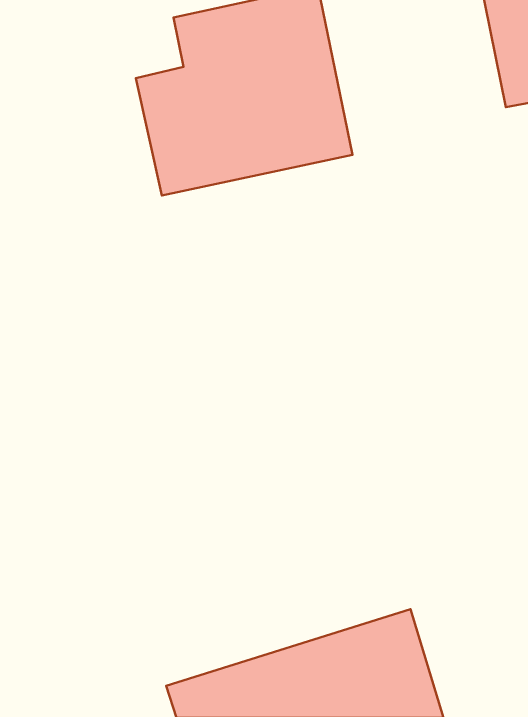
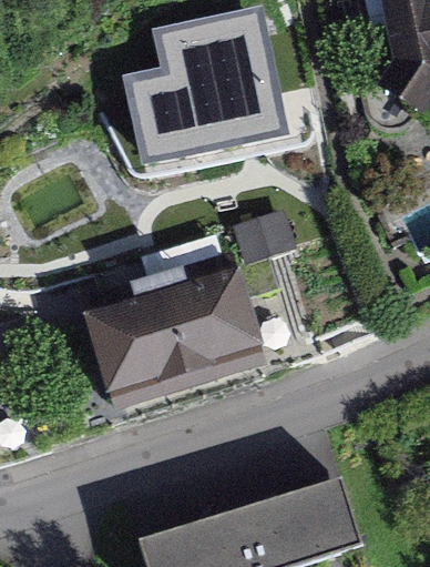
building: none -> [84,265,267,407]

